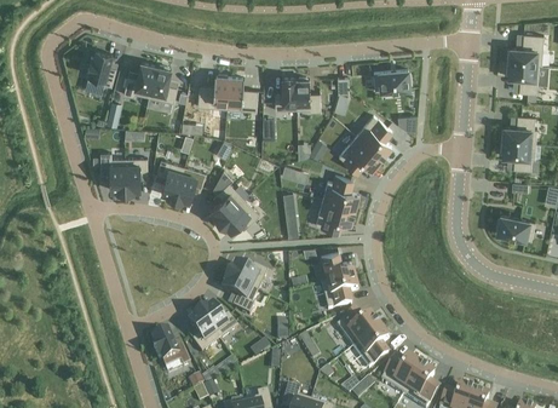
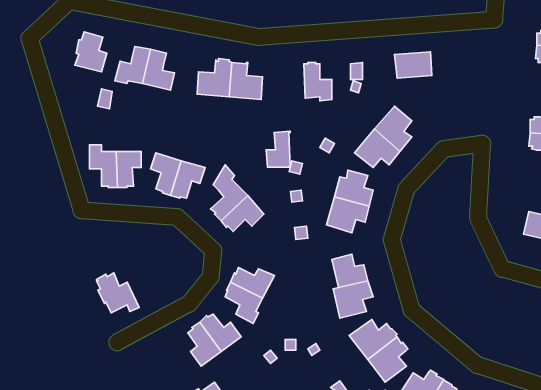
building: [274,79,295,111] -> [266,131,290,167]
building: [151,333,190,369] -> [96,273,139,313]

